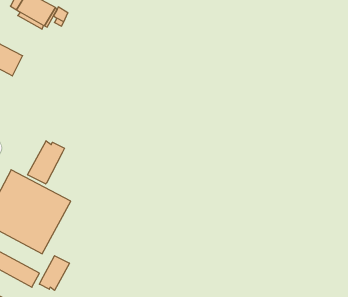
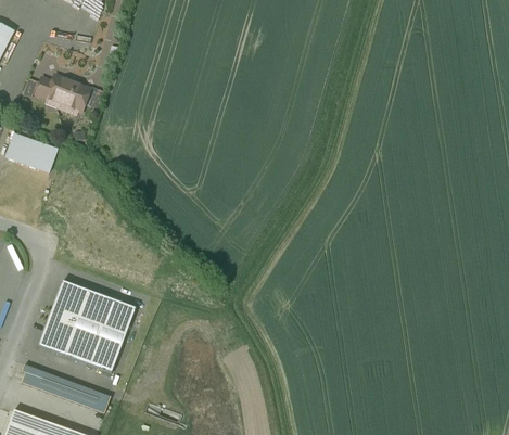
building: [28,141,64,184] -> none
building: [39,256,69,290] -> none

